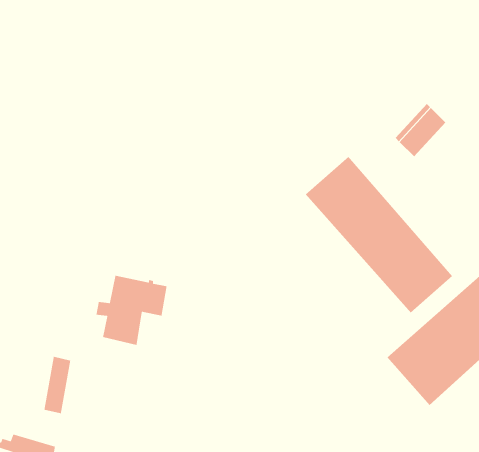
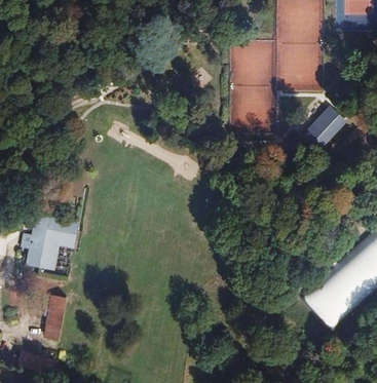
building: [305,156,453,314] -> none
building: [95,275,168,346] -> [22,216,75,268]

